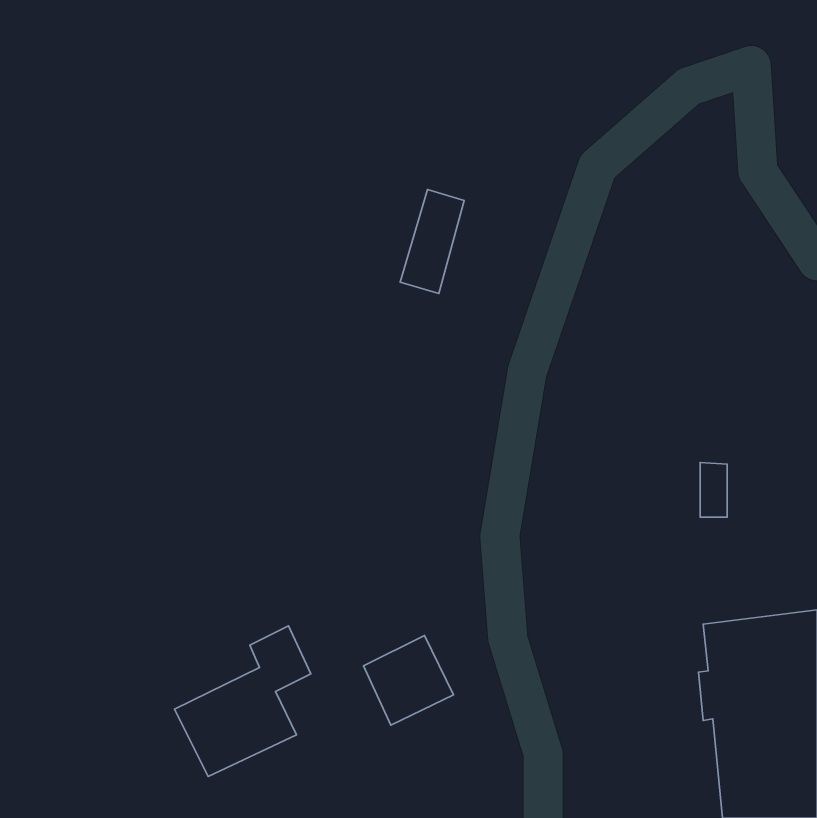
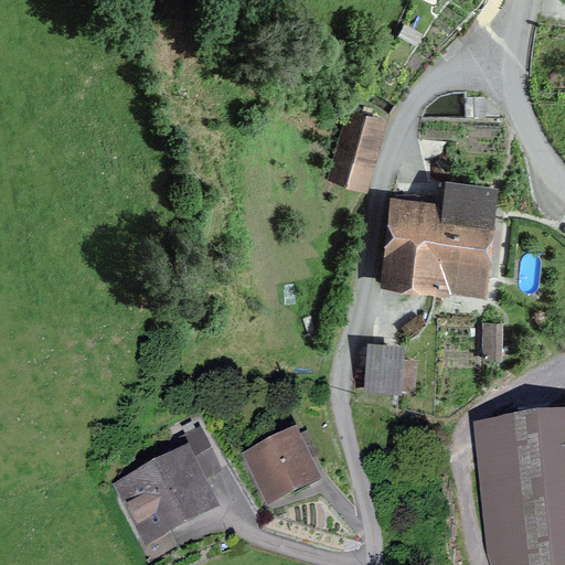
building: [400,189,464,293] -> [332,115,376,186]
building: none -> [386,183,495,288]
building: none -> [366,348,414,390]

